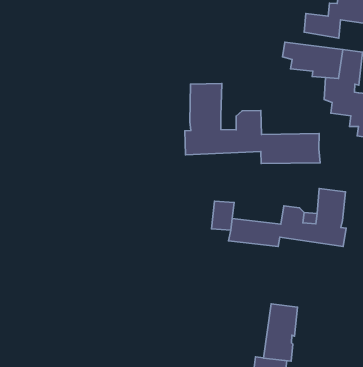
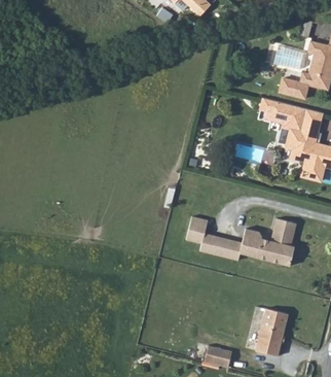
building: [185,83,320,164] -> none
building: [264,304,298,361] -> [255,308,287,355]

